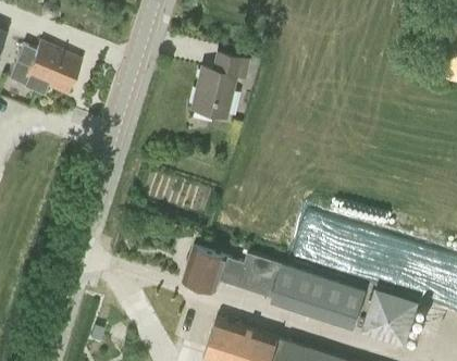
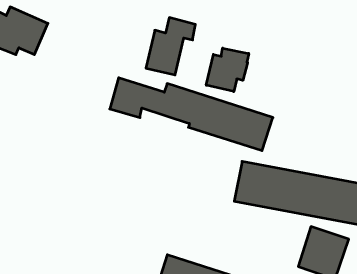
building: none -> [206,48,249,92]
building: [183,247,366,328] -> [110,78,273,151]

